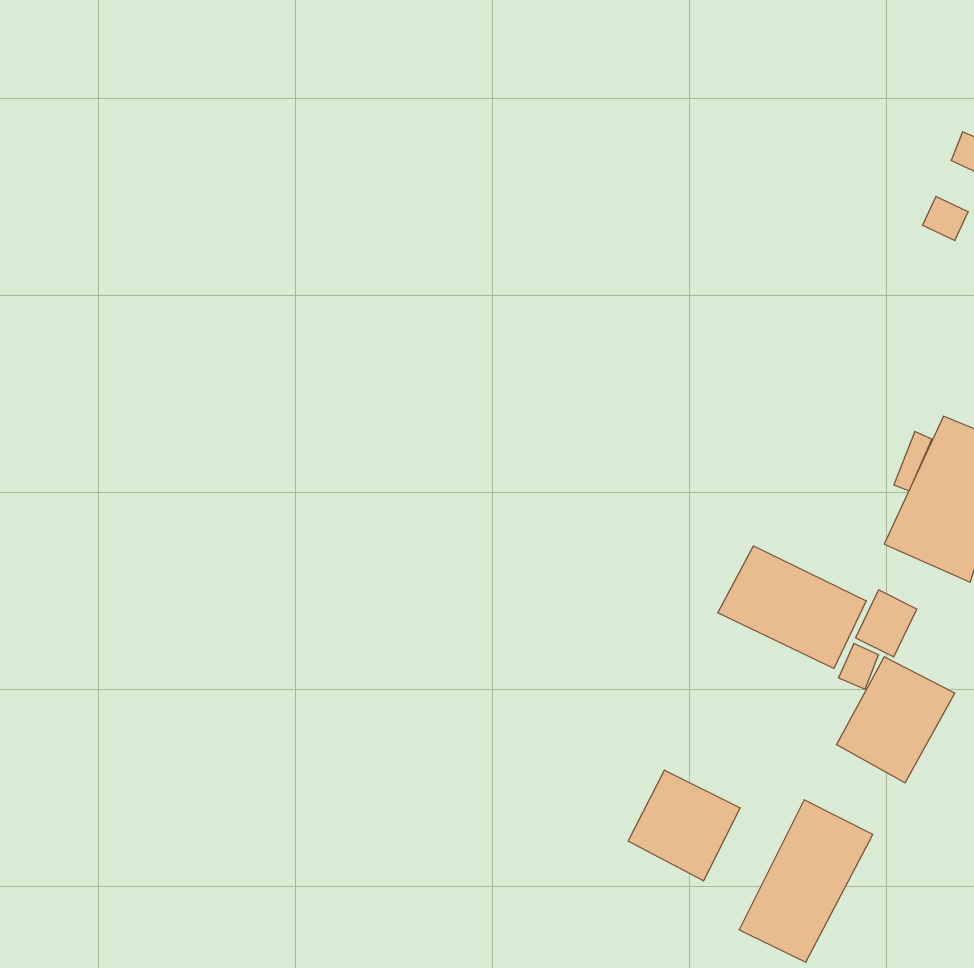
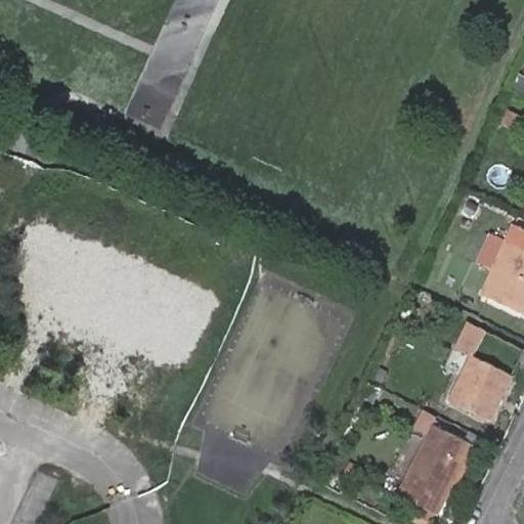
building: [718,546,866,668] -> none
building: [628,770,740,881] -> none

